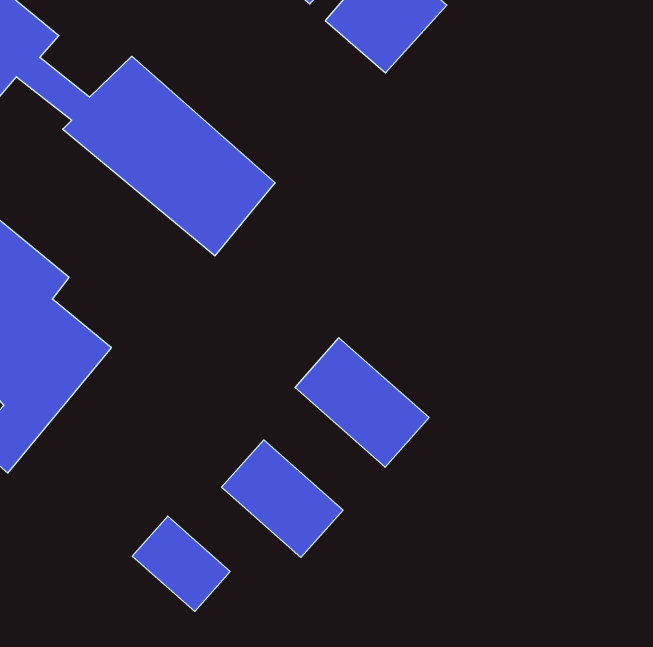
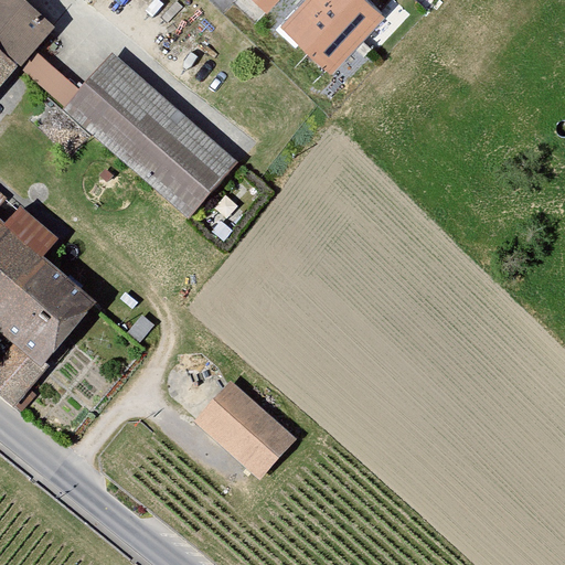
building: [295,338,429,467] -> none
building: [132,516,230,611] -> none

